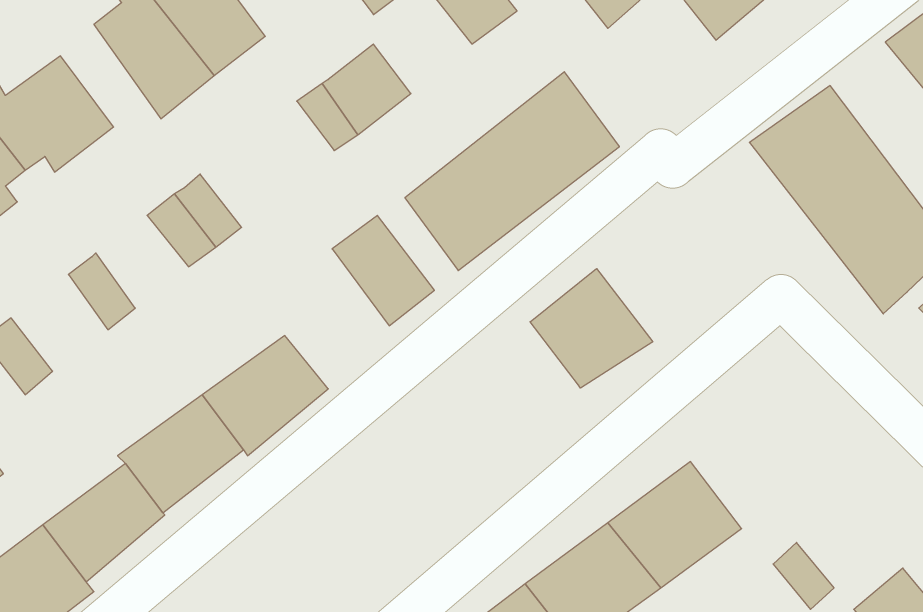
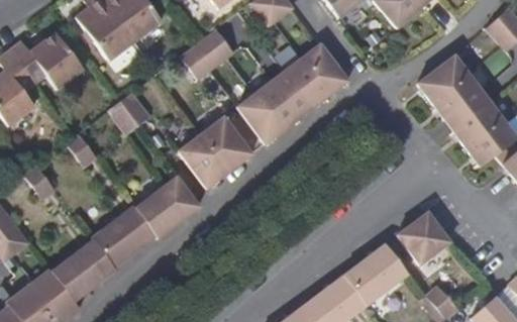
building: none -> [176,133,228,191]
building: [530,269,653,388] -> none
building: none -> [396,210,452,266]

